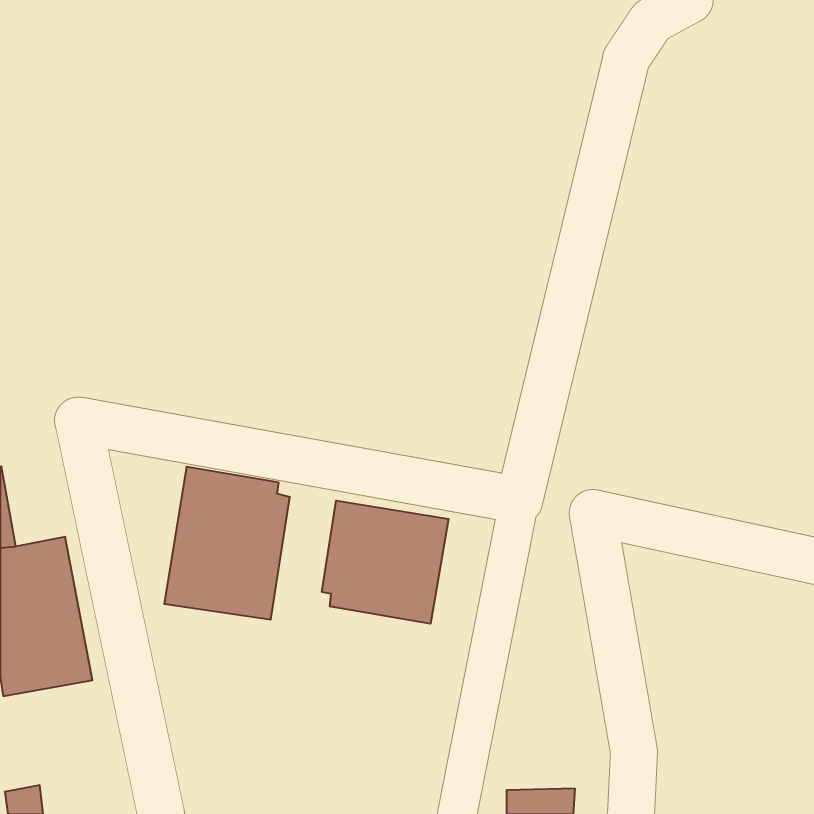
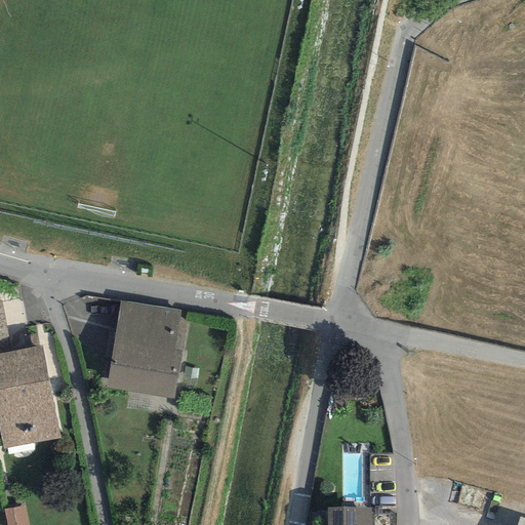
building: [322,501,449,624] -> none

